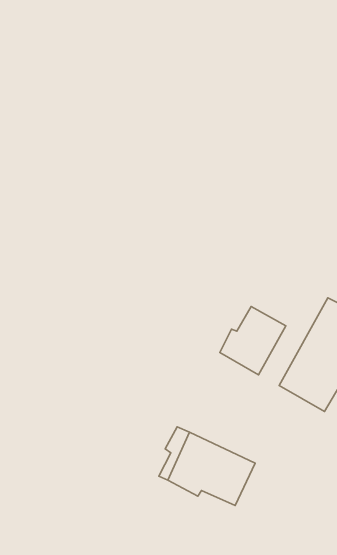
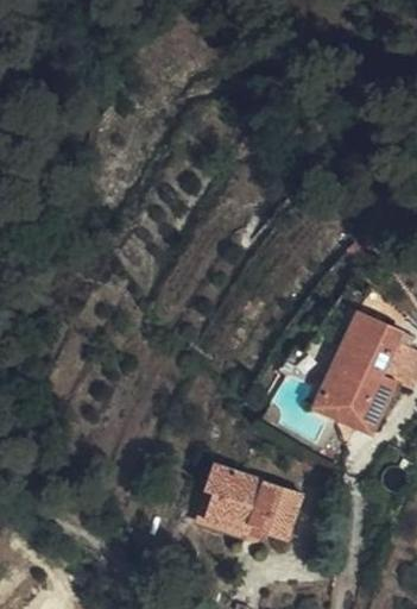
building: [220,306,286,375] -> none

